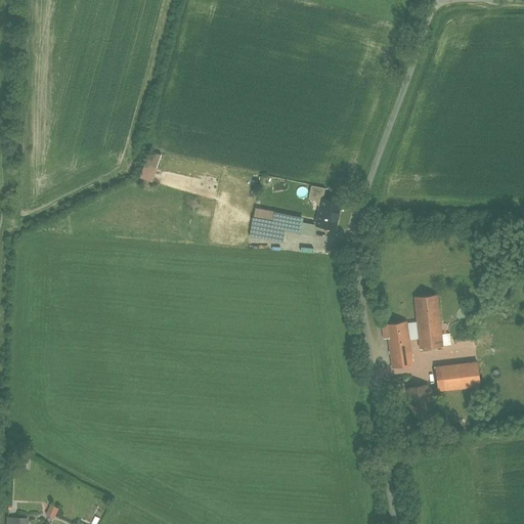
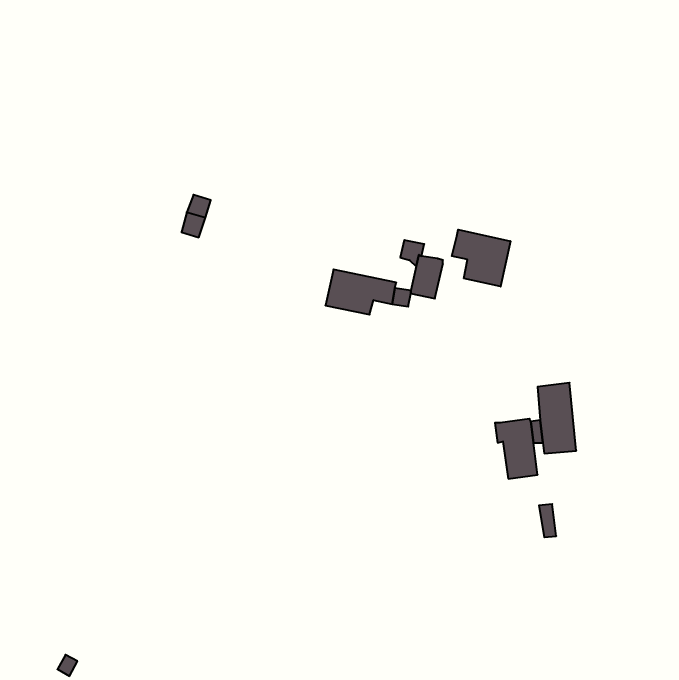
building: none -> [452,230,510,287]
building: [435,361,481,391] -> none

